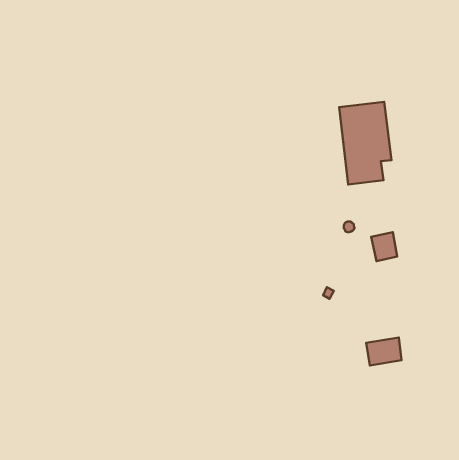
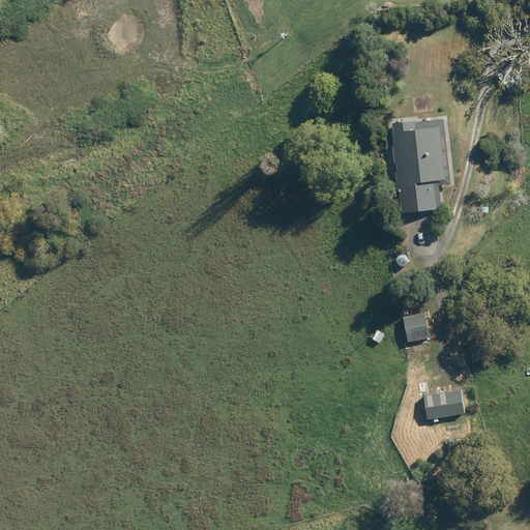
building: [371,232,397,261] -> [401,311,431,344]

